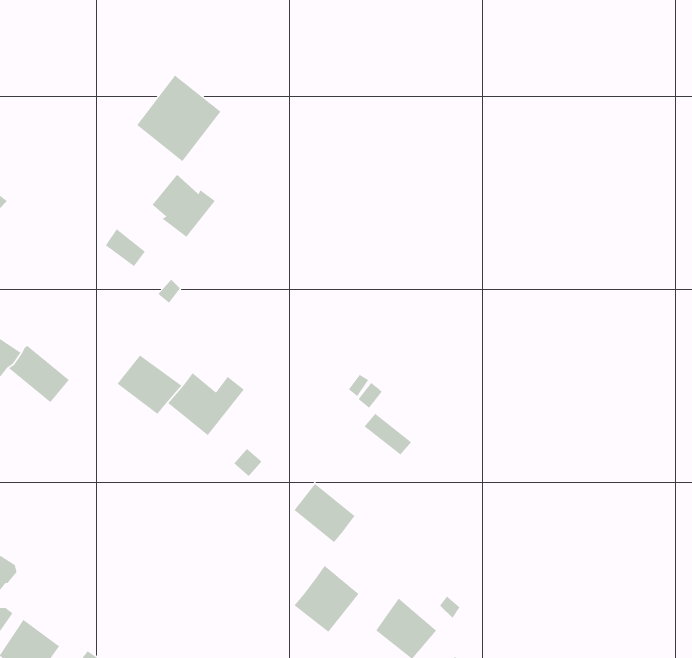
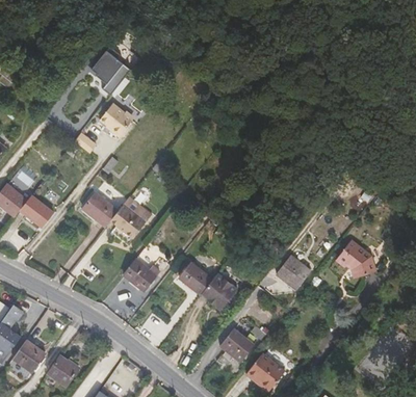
building: none -> [330,242,369,280]
building: none -> [268,258,305,291]
building: none -> [116,262,149,294]
building: [294,565,360,633] -> [193,275,229,312]

